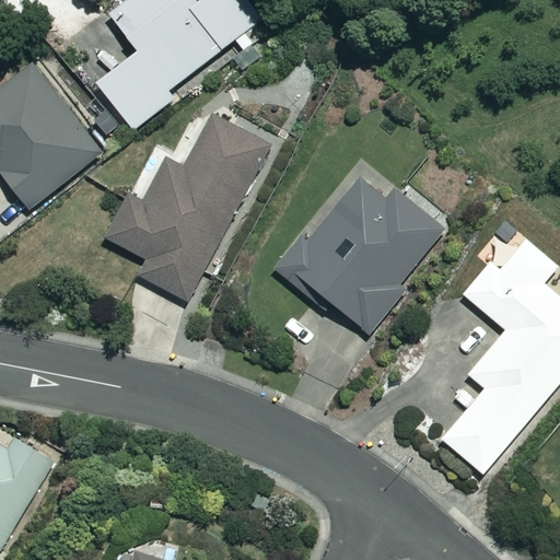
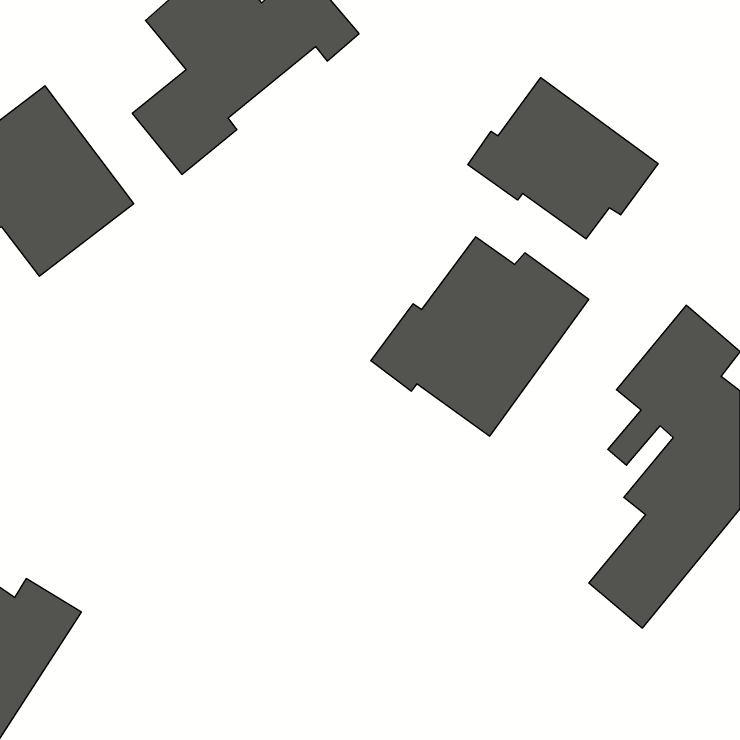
building: none -> [468,78,658,239]
building: [107,113,270,299] -> none

